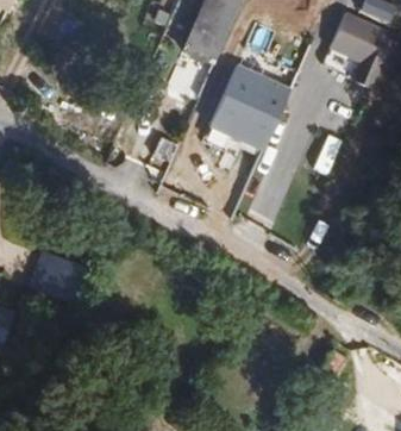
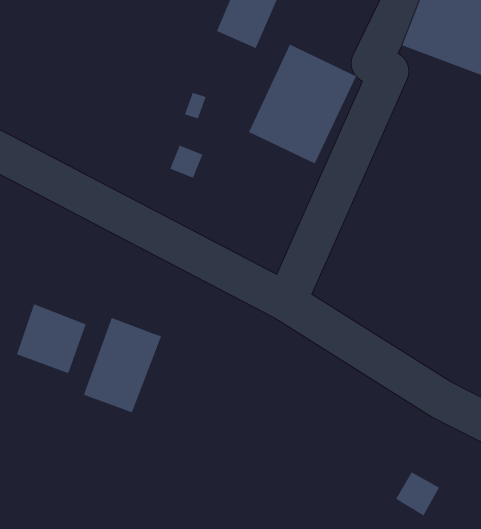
building: none -> [83,317,162,413]

